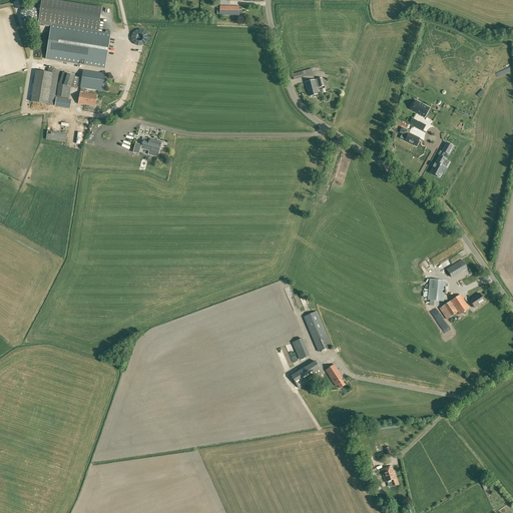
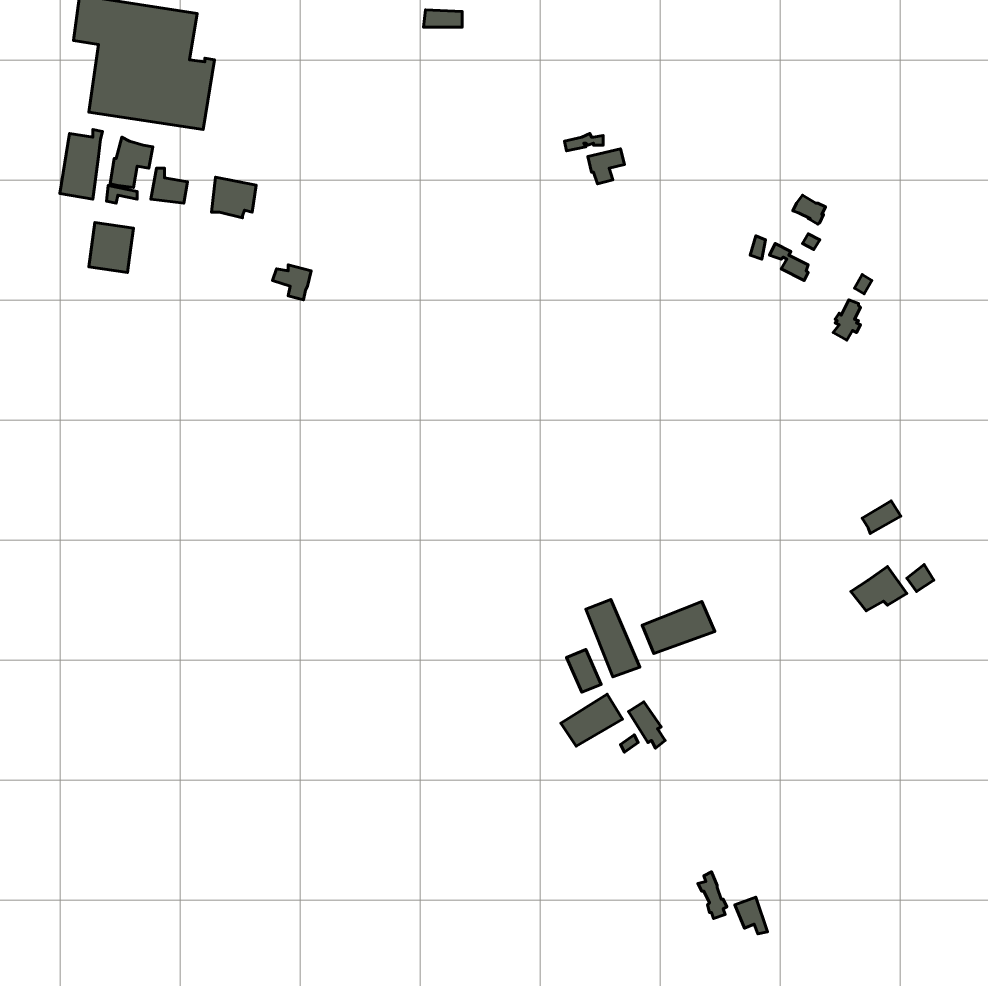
building: [81,69,104,90] -> [212,177,256,218]
building: [427,279,446,306] -> none
building: none -> [642,601,715,654]

